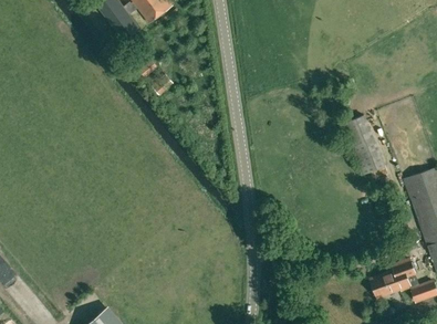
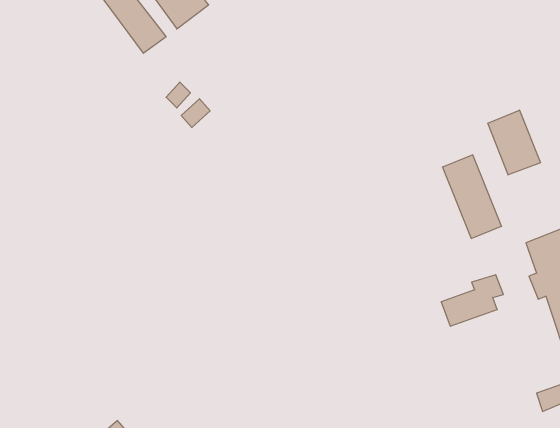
building: none -> [488,110,541,175]
building: [371,260,416,297] -> [441,275,503,326]

